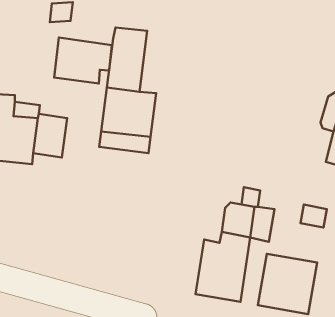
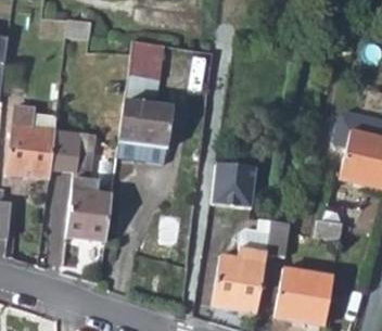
building: [54,38,112,84] -> none
building: none -> [211,164,256,209]
building: none -> [66,180,113,243]

